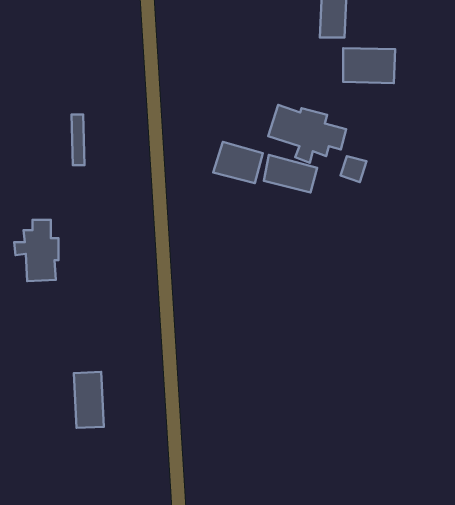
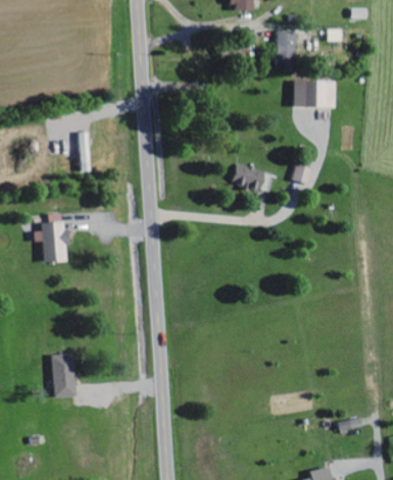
building: [268,105,346,163] -> none
building: [213,142,263,183] -> none
building: [74,372,104,428] -> [52,354,76,397]

